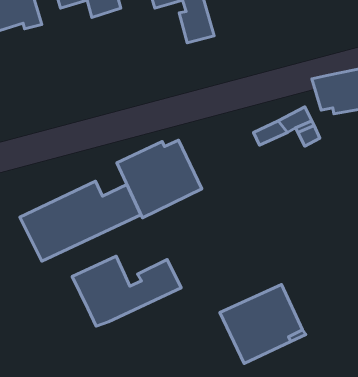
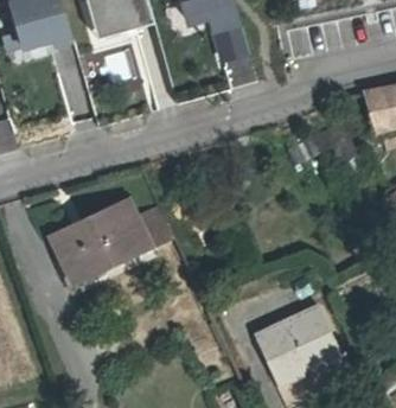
building: [117,140,202,218] -> none
building: [72,256,181,326] -> none

